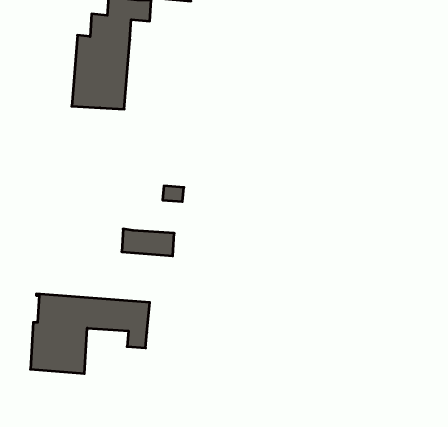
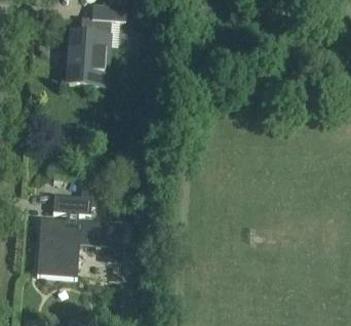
building: [122,229,174,256] -> [53,192,91,211]

